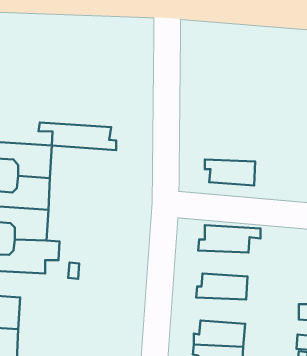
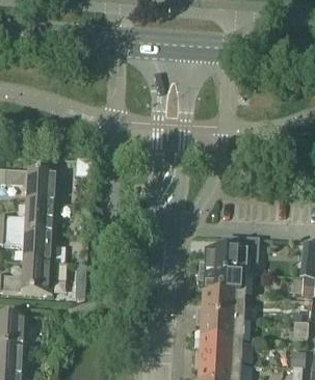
building: [38,122,116,150] -> none
building: [205,159,255,186] -> [198,272,245,297]
building: none -> [195,317,243,342]

